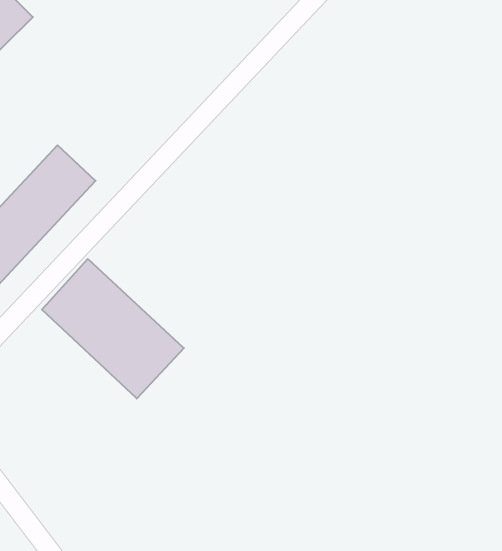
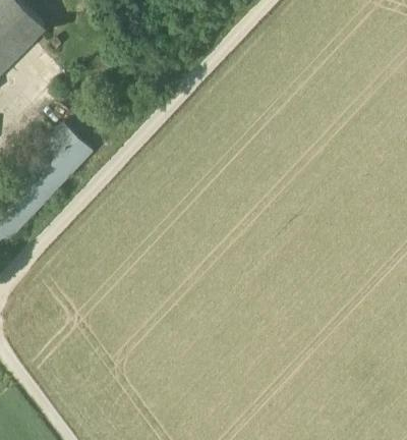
building: [42,259,184,399] -> none

